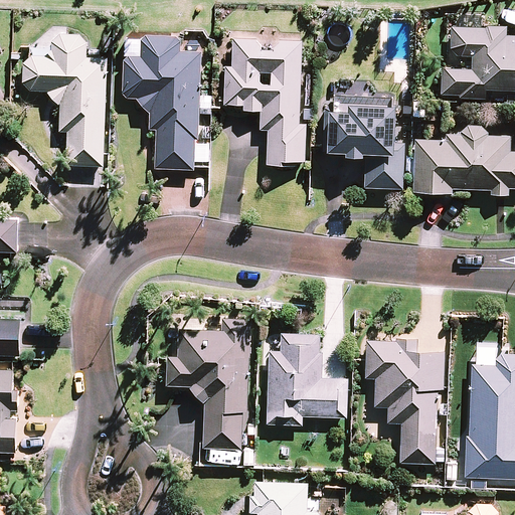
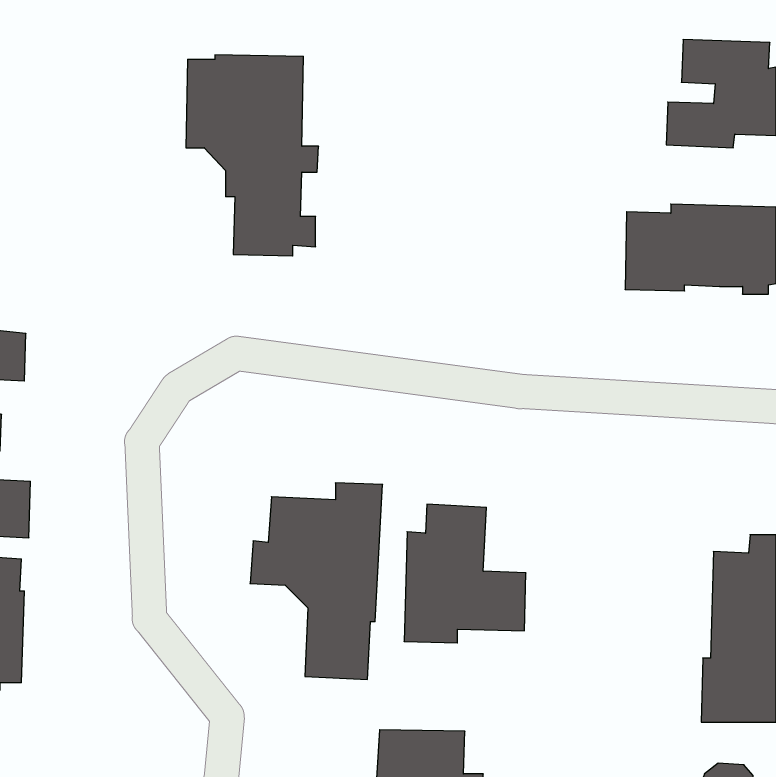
building: [22,35,106,167] -> none
building: [223,39,306,167] -> none
building: [328,94,402,189] -> none
building: [365,337,445,464] -> none

